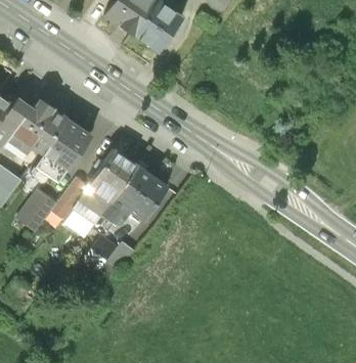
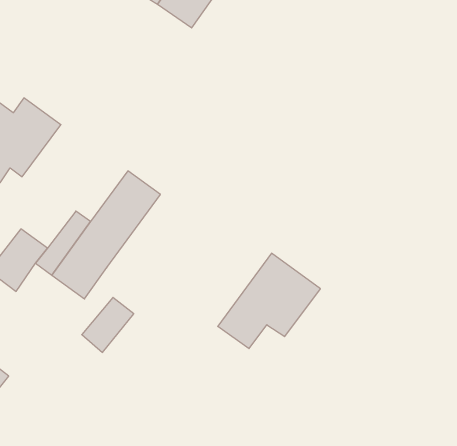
building: [30,117,91,179] -> none
building: [98,165,169,230] -> [218,253,320,349]

